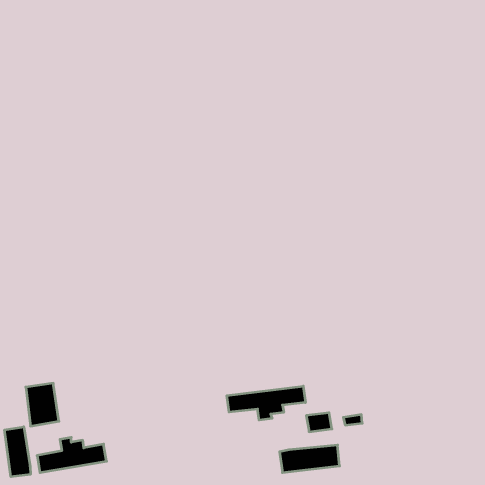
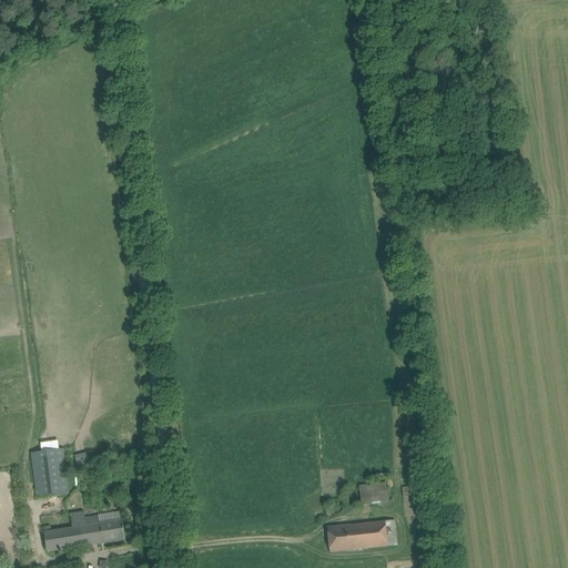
building: [227,386,305,420] -> none
building: [5,427,30,477] -> none

